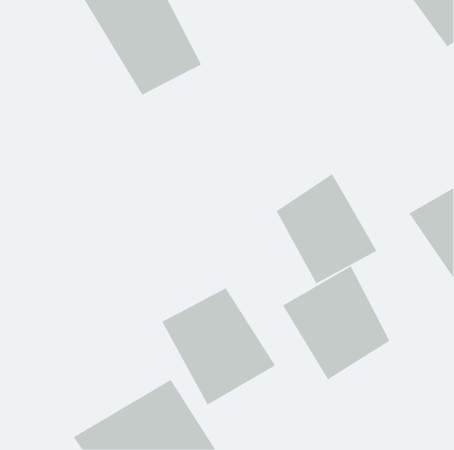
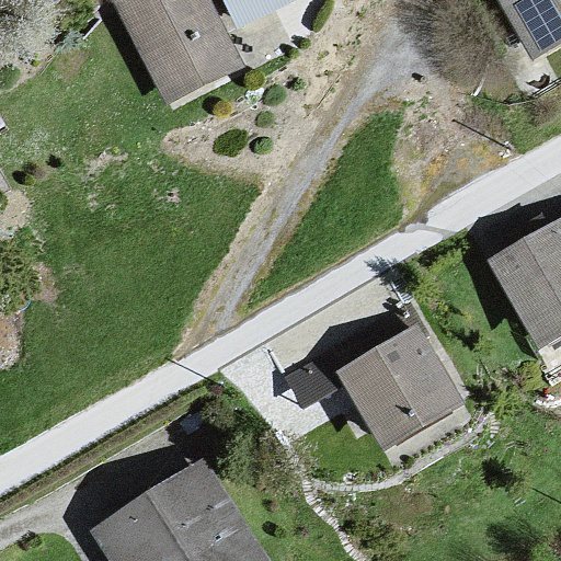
building: [276,173,377,284] -> none
building: [161,287,276,405] -> none

